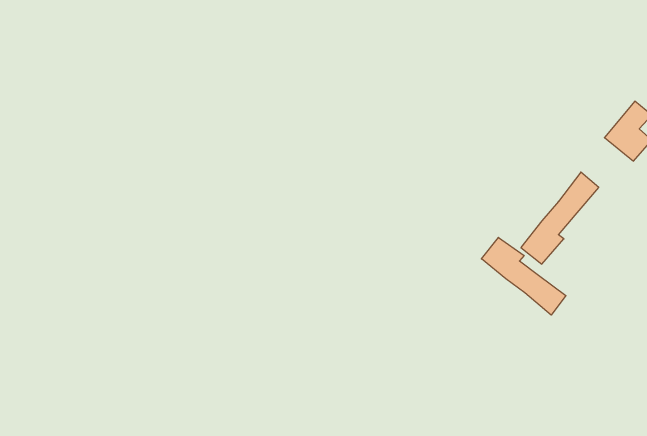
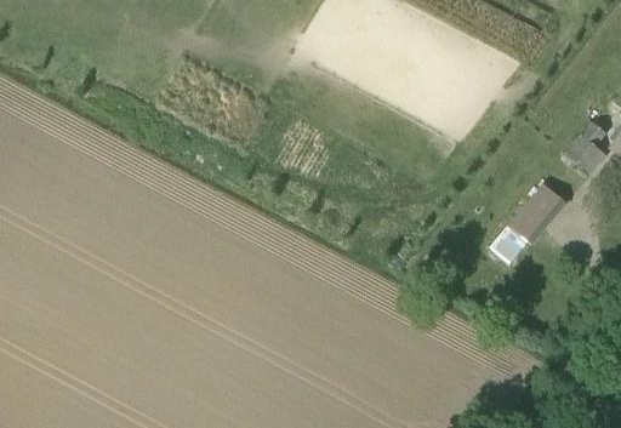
building: [481,237,566,315] -> none

